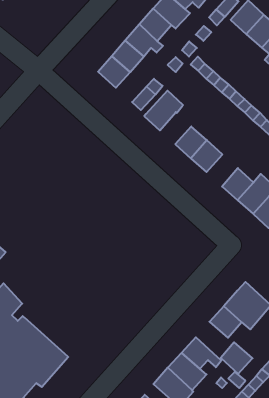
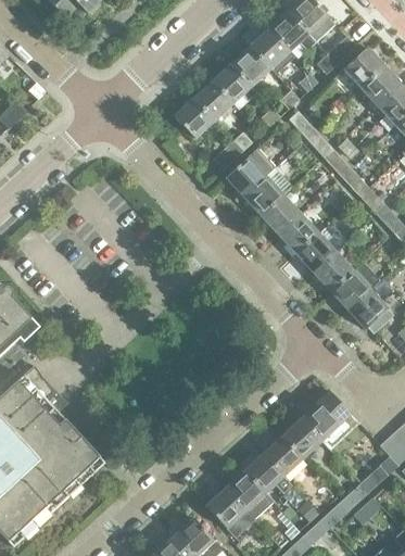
building: none -> [243,168,291,215]
building: none -> [295,233,334,273]
building: [221,342,253,374] -> [263,437,302,476]

